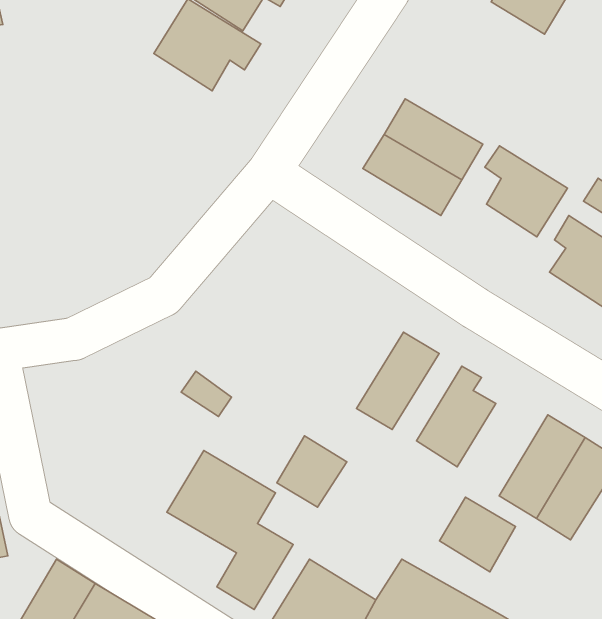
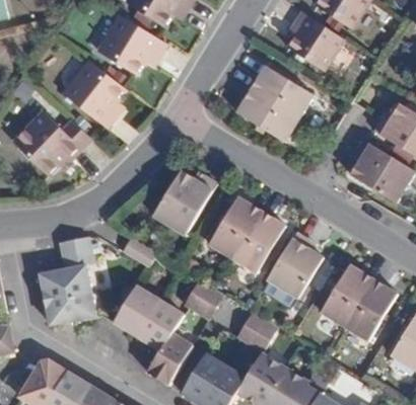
building: none -> [64,64,120,127]
building: [485,146,568,237] -> [290,15,342,72]
building: none -> [16,114,90,173]
building: none -> [152,177,213,237]
building: none -> [208,198,261,260]
building: none -> [40,237,96,323]
building: [439,497,516,572] -> [228,308,276,354]

